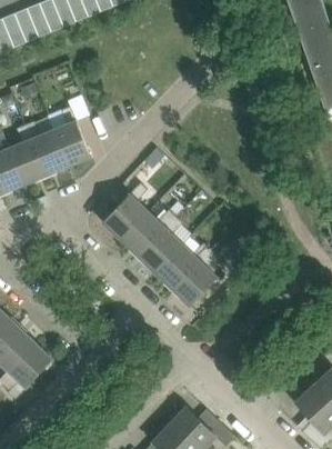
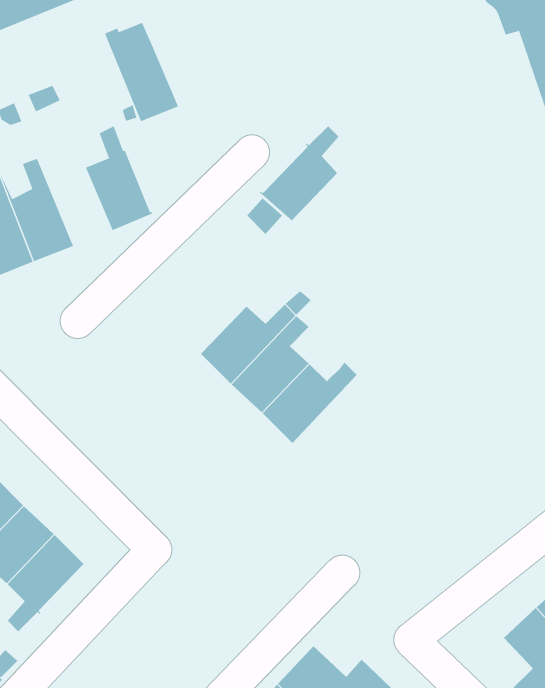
building: [24,118,68,176] -> [104,22,179,122]
building: [100,182,147,238] -> [259,125,340,221]
building: [172,250,218,307] -> none

